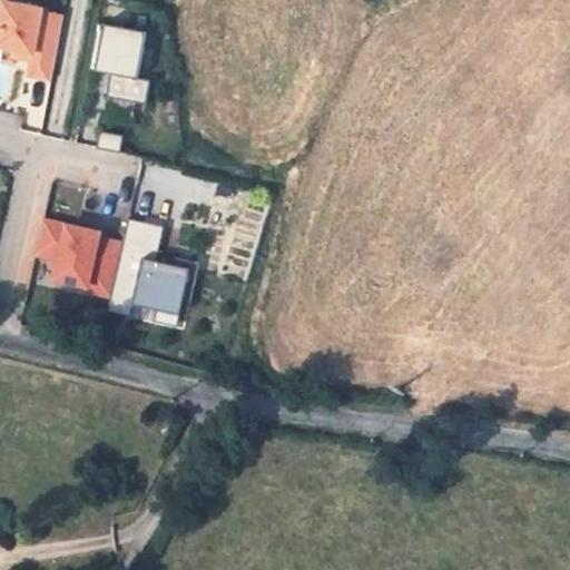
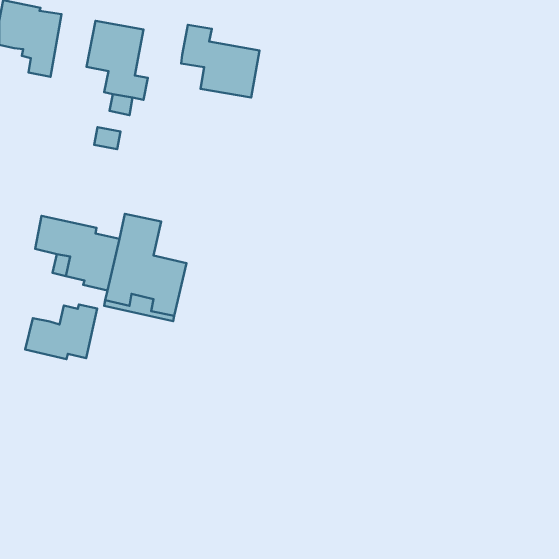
building: none -> [181,25,260,98]
building: none -> [25,304,97,359]

